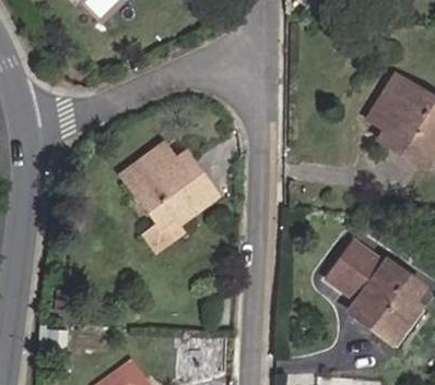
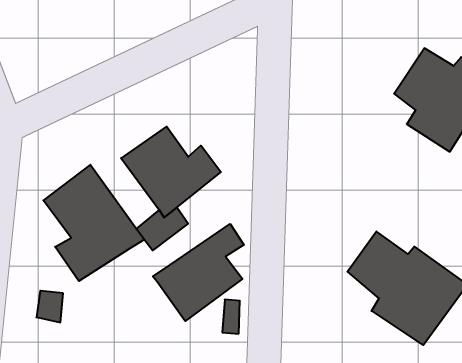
building: none -> [43,165,144,281]
building: none -> [153,224,244,321]

